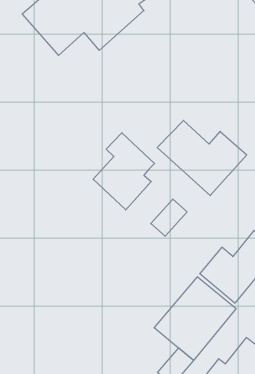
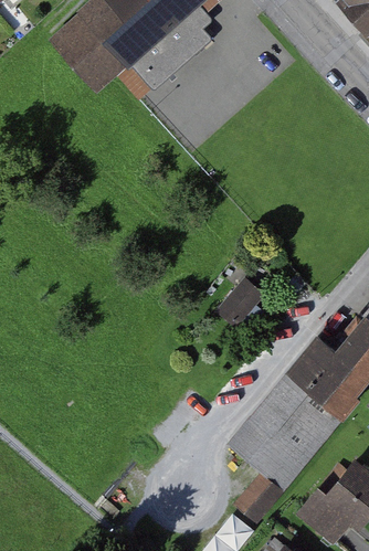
building: [157,120,247,196] -> none
building: [93,133,155,210] -> none

